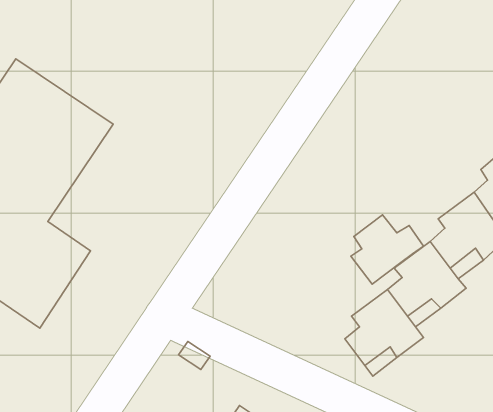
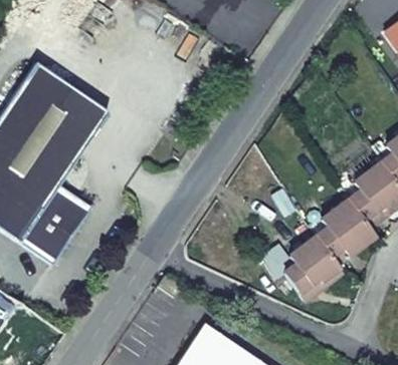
building: [351,215,424,284] -> none

